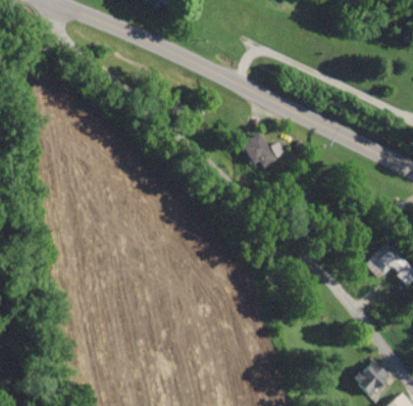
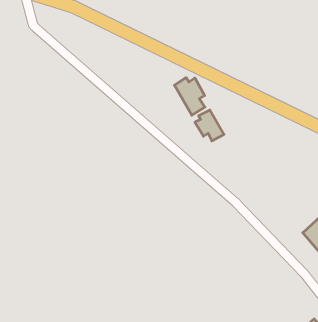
building: none -> [174,78,205,115]

